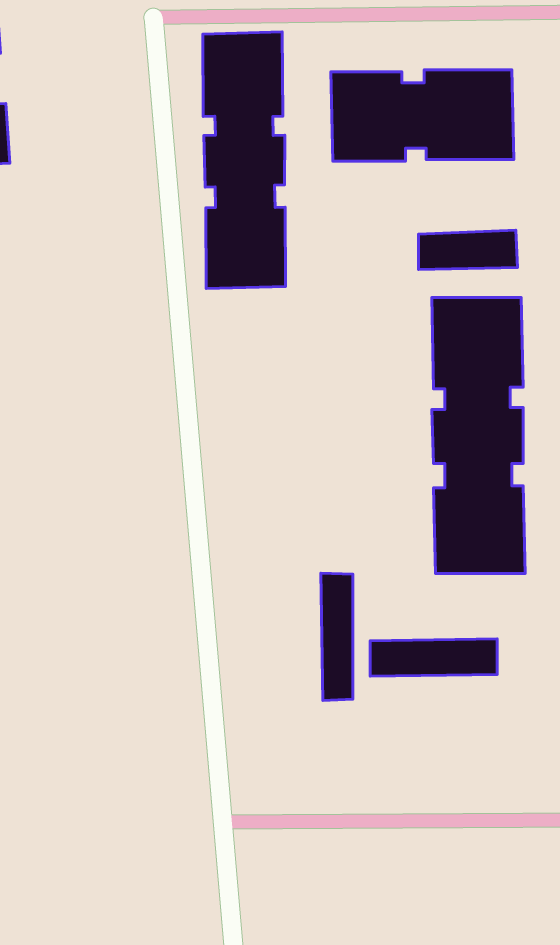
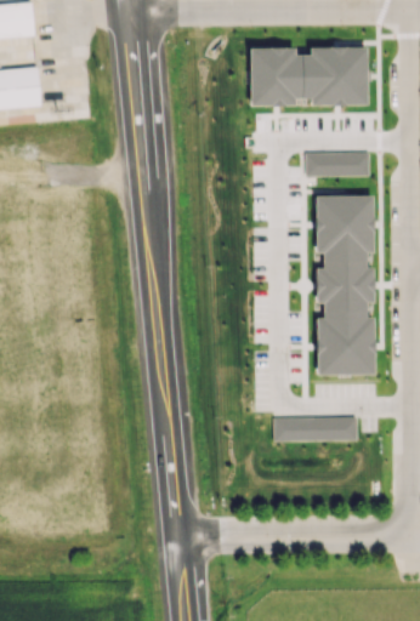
building: [203,32,286,289] -> none
building: [321,573,353,700] -> none

